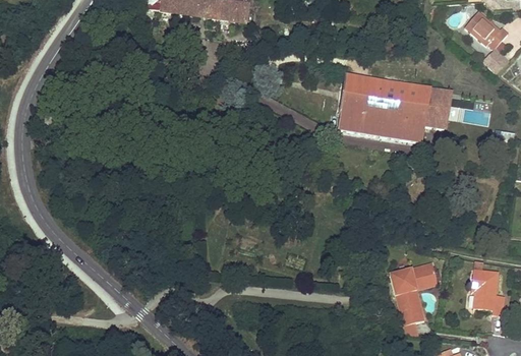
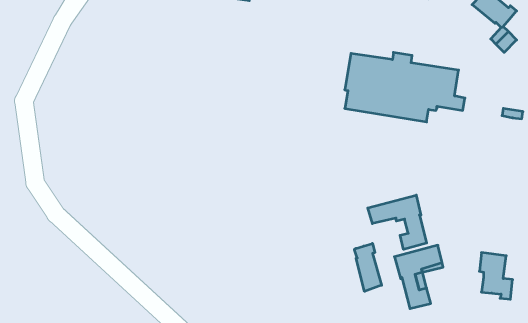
building: none -> [368,195,427,249]
building: none -> [354,243,382,291]

